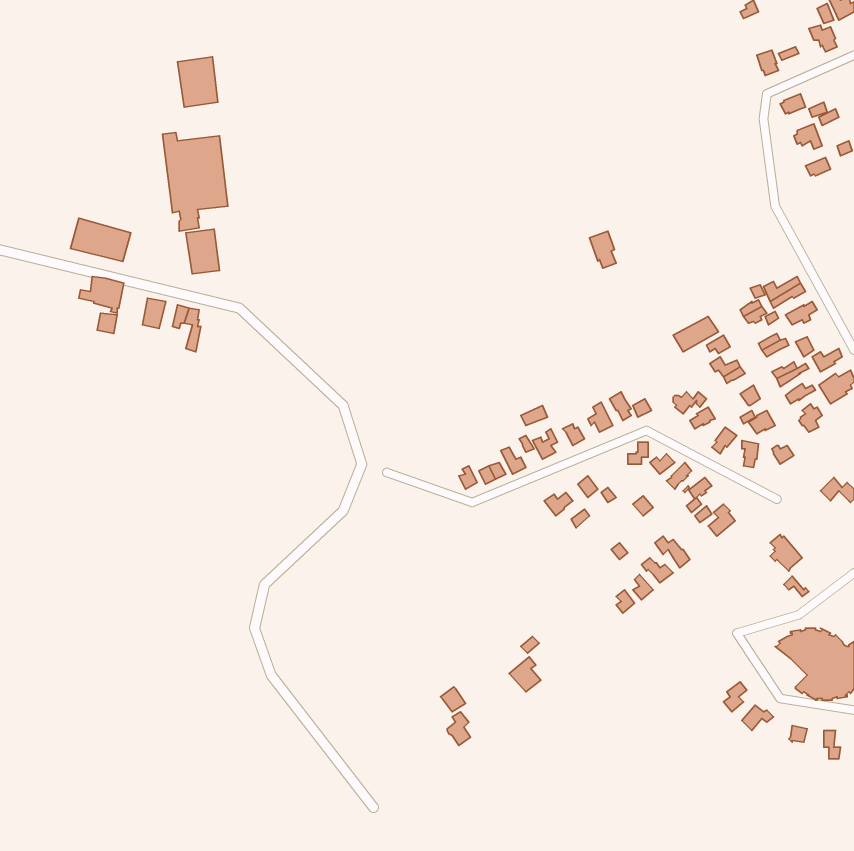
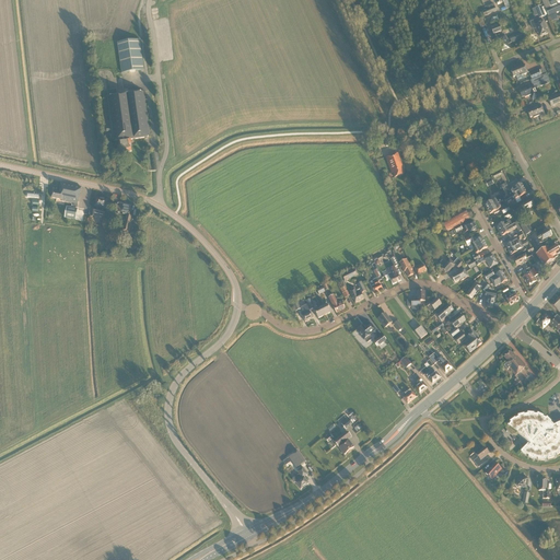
building: [70,218,131,261] -> none
building: [186,229,219,274] -> none

